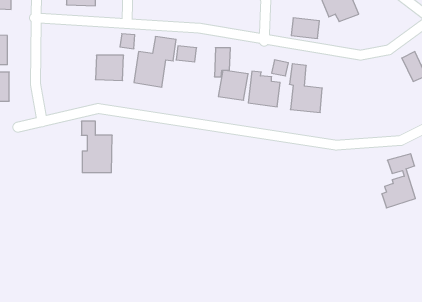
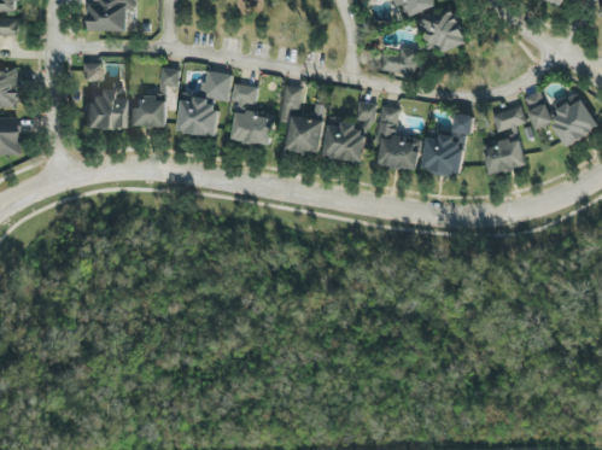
building: none -> [232,110,271,145]
building: none -> [421,113,473,176]
building: [81,121,112,173] -> [82,63,122,129]
building: [382,154,415,208] -> [483,106,526,176]

